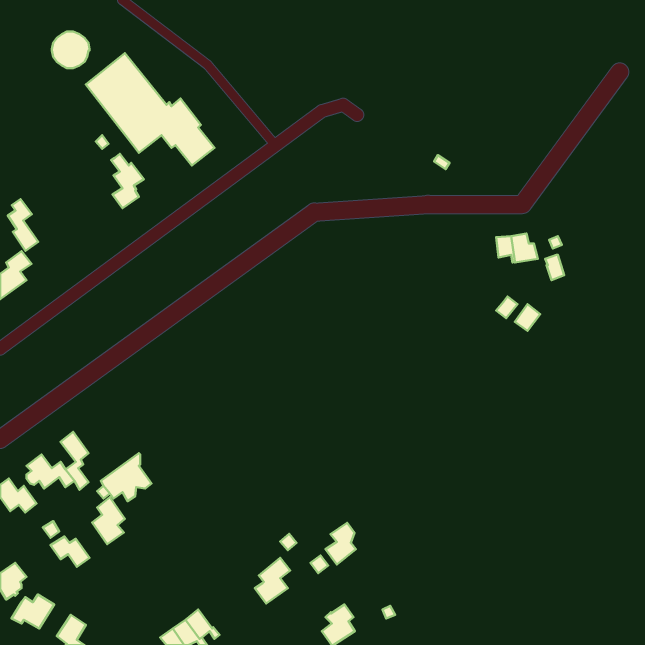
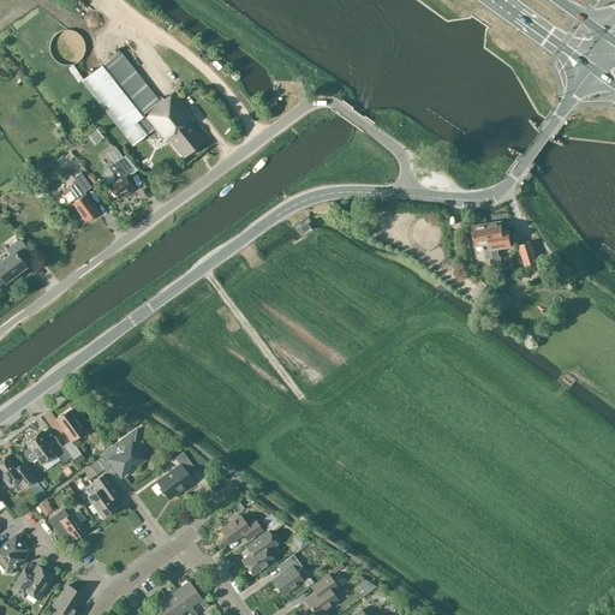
building: [8,199,38,251] -> [68,172,97,221]
building: none -> [159,452,196,498]
building: [326,523,356,564] -> [273,555,301,595]
building: none -> [221,515,263,543]

